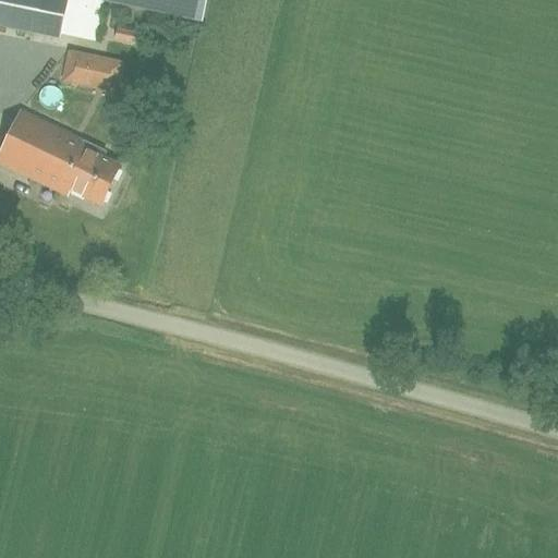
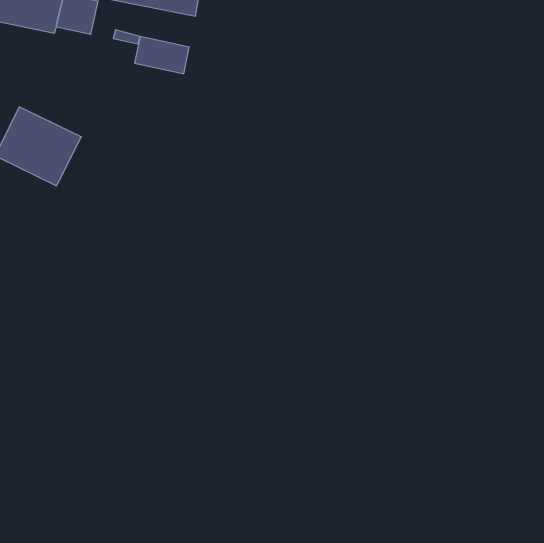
building: [63,50,119,88] -> [135,36,189,74]
building: [61,146,118,202] -> none

